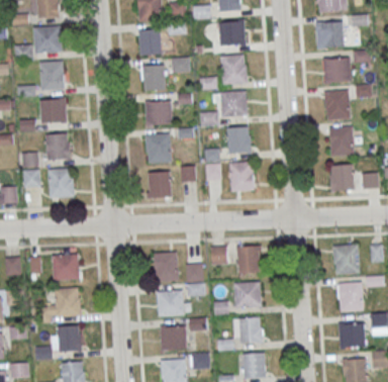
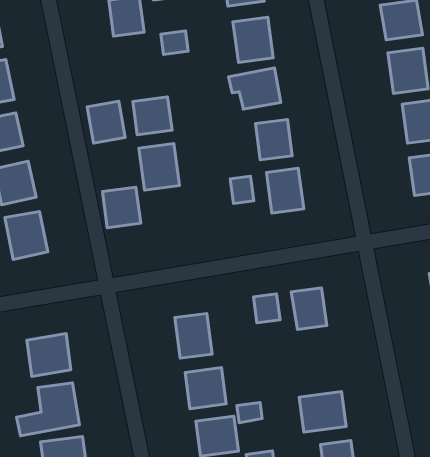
building: [141,65,165,91] -> [87,101,125,143]
building: [147,172,170,197] -> [102,187,141,228]
building: [186,264,202,294] -> none
building: [234,282,260,307] -> none

